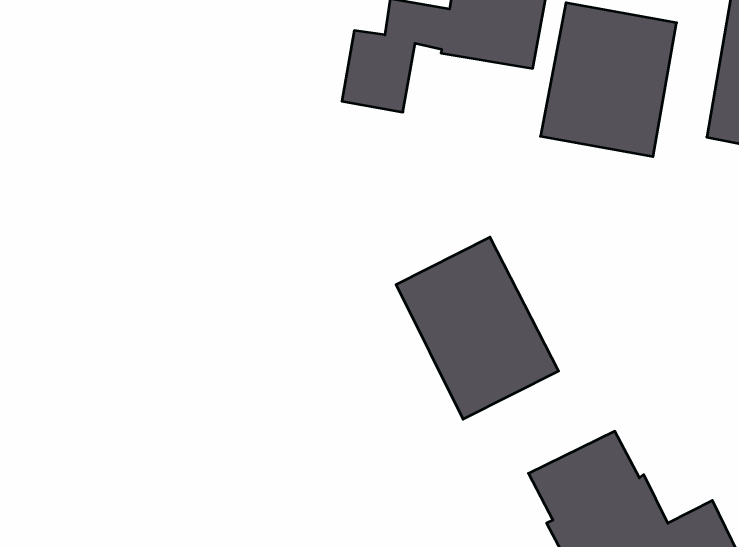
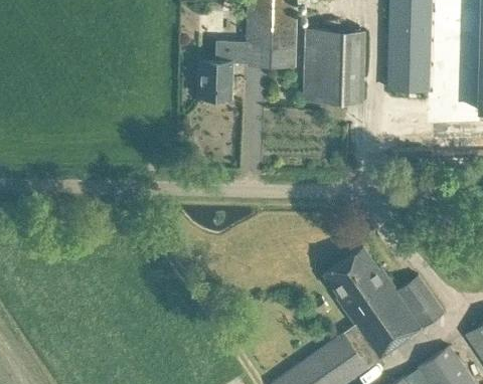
building: [396,237,559,419] -> none

